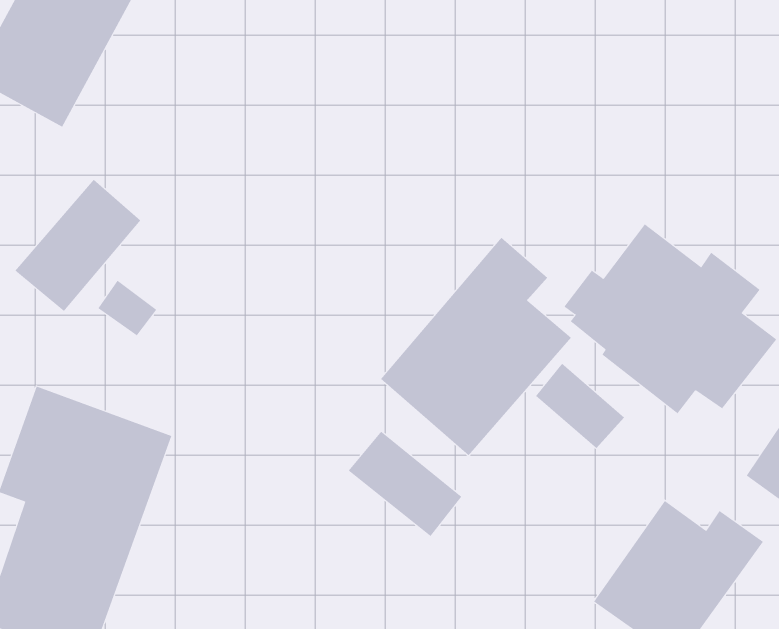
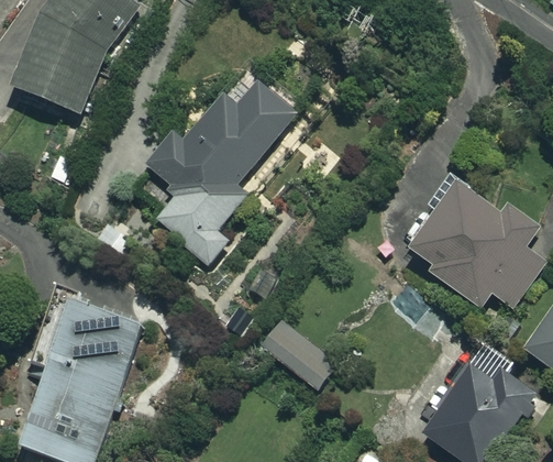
building: none -> [147,80,296,264]
building: [15,179,141,312] -> none
building: [380,237,572,456] -> none

